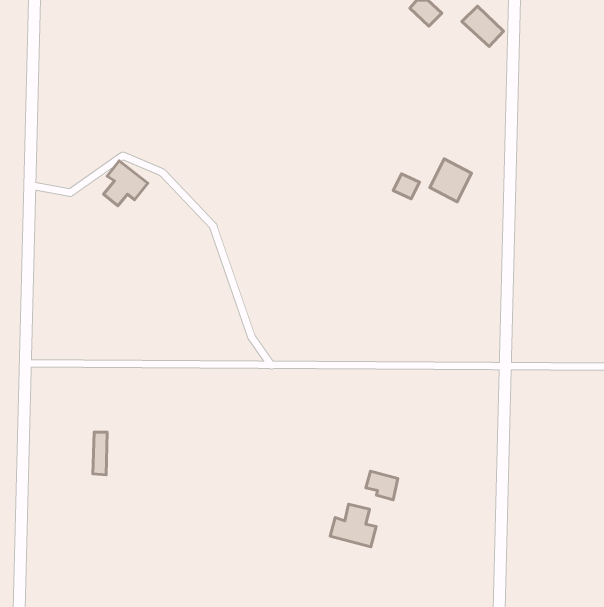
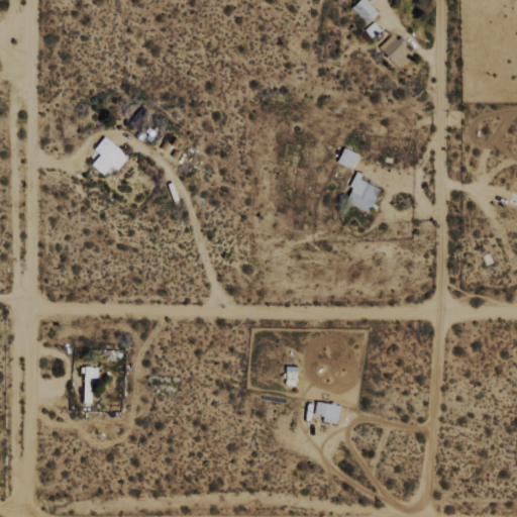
building: [462,6,504,47] -> [378,34,413,69]
building: [430,159,471,202] -> [345,177,381,213]
building: [330,504,376,547] -> none

